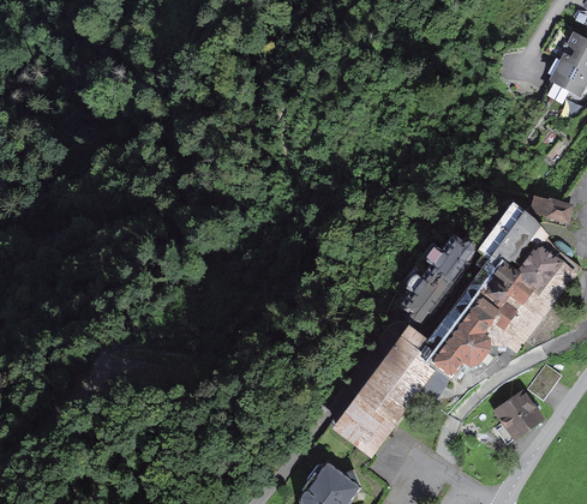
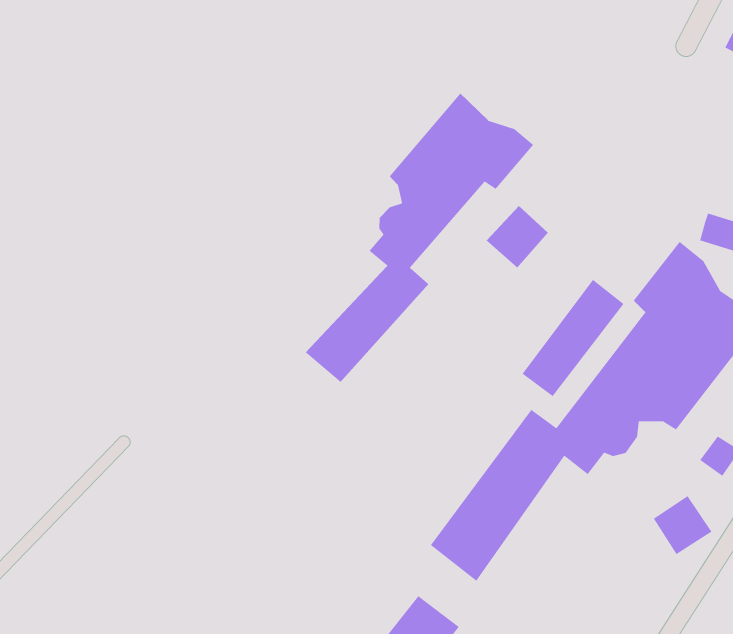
building: none -> [305,93,534,383]
building: none -> [486,205,549,268]

